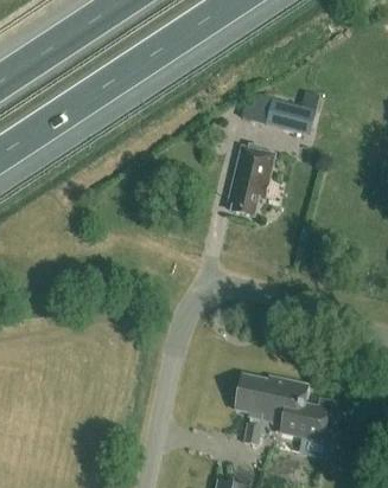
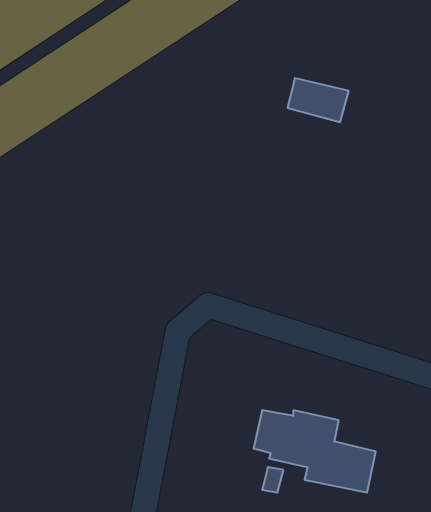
building: [227,145,272,212] -> none

